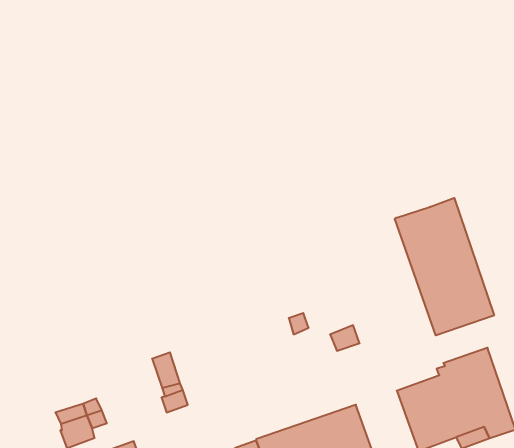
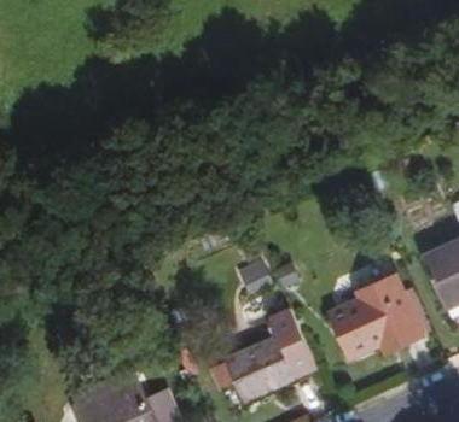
building: [395,198,494,335] -> none

